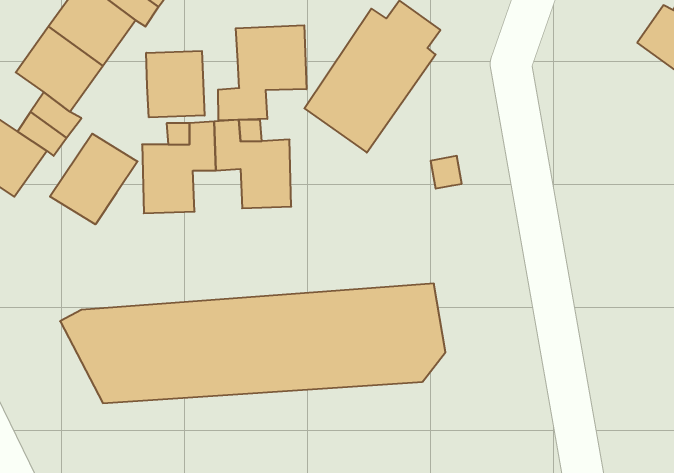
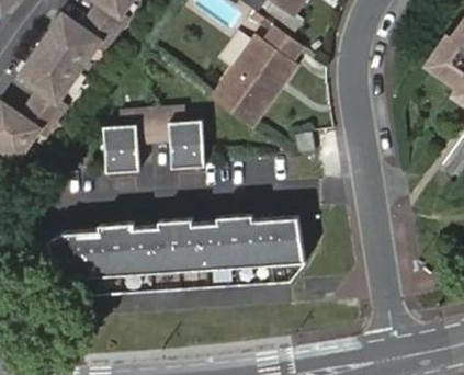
building: [218,25,306,121] -> none
building: [146,51,205,117] -> none
building: [50,134,138,224] -> none

